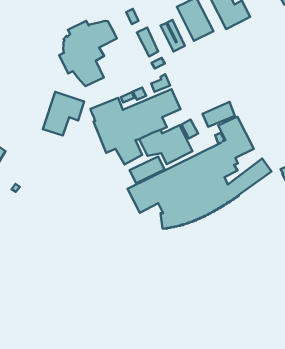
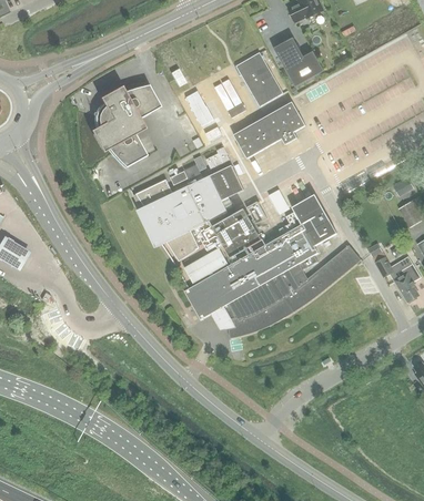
building: none -> [233,101,306,159]
building: [43,92,84,136] -> none

